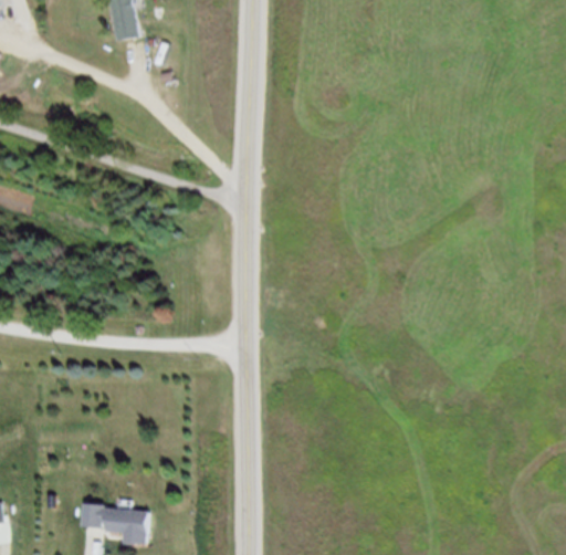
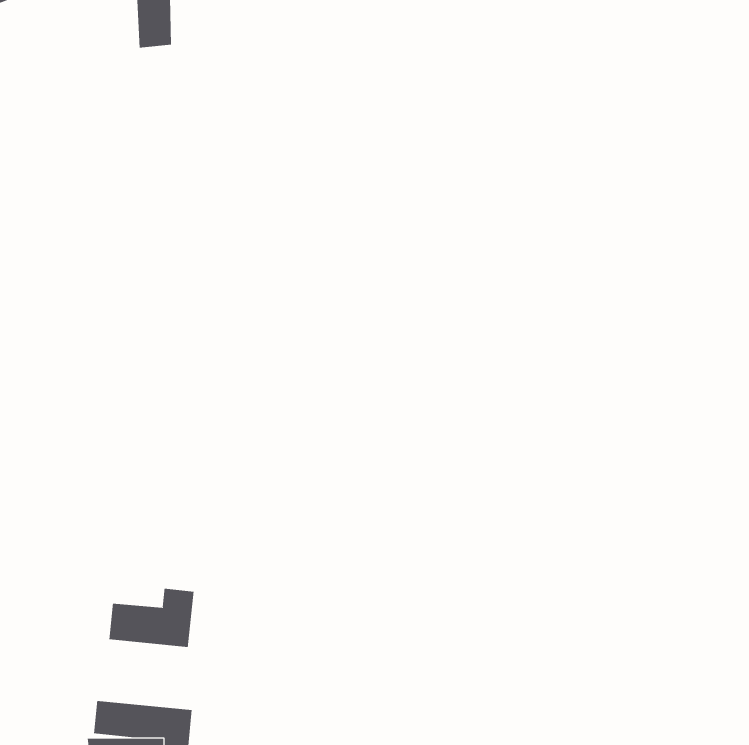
building: none -> [109,588,194,648]

